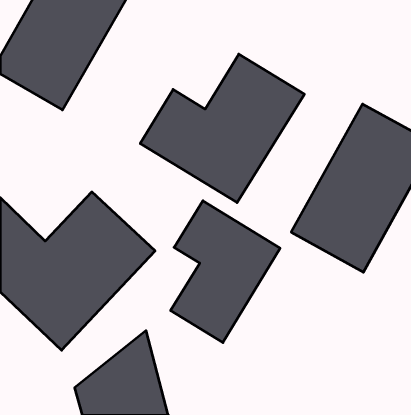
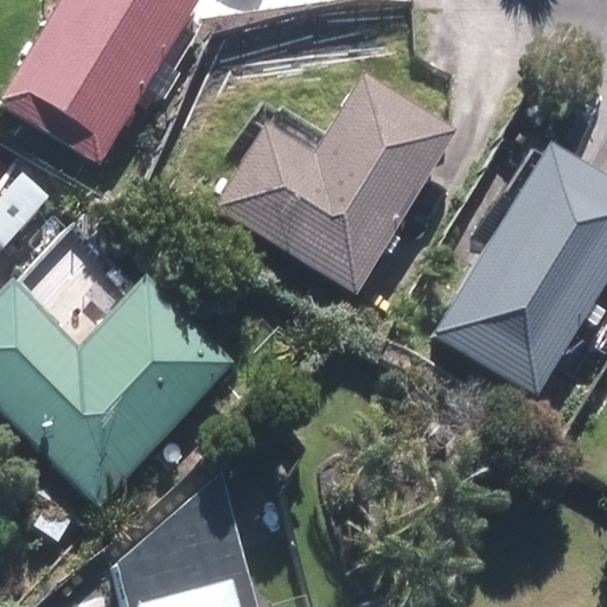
building: [171,201,280,343] -> none

